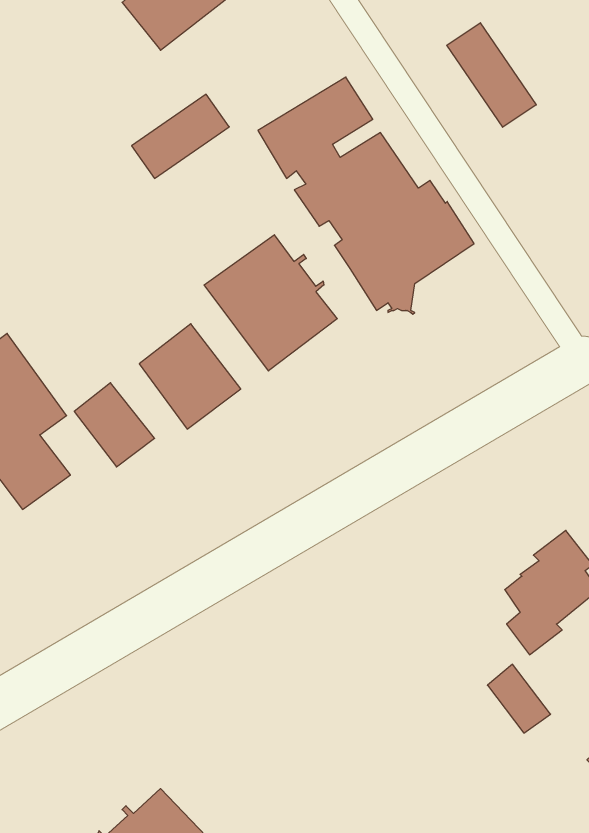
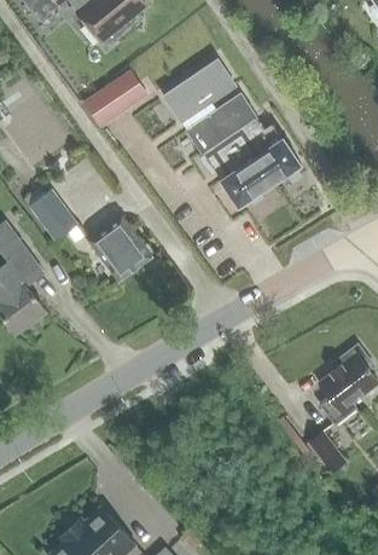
building: [447,23,536,127] -> none
building: [204,235,337,371] -> none
building: [74,383,155,467] -> [28,189,78,242]

